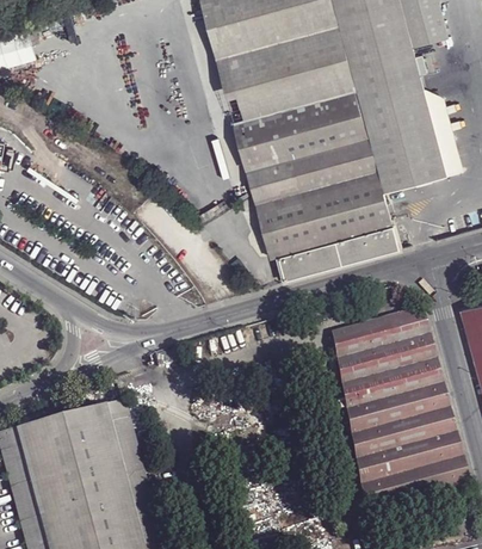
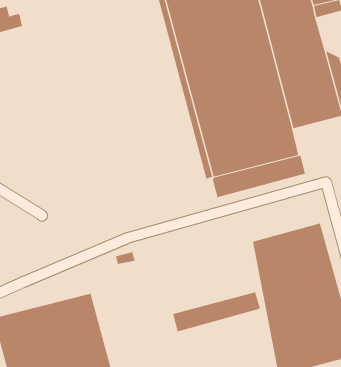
building: none -> [172,291,261,333]

